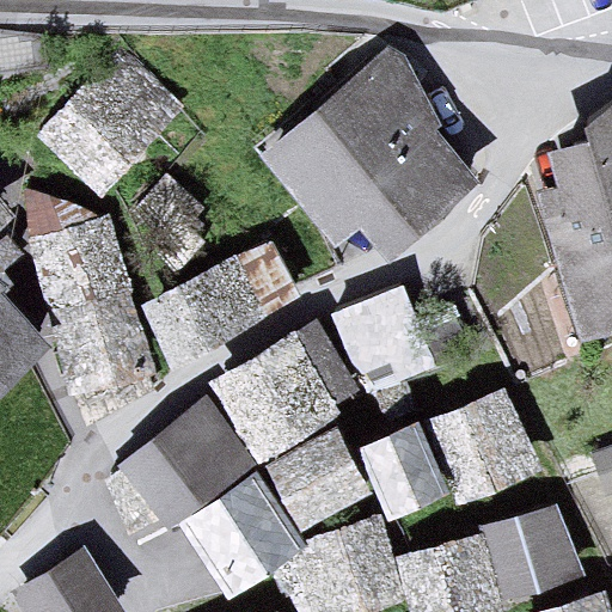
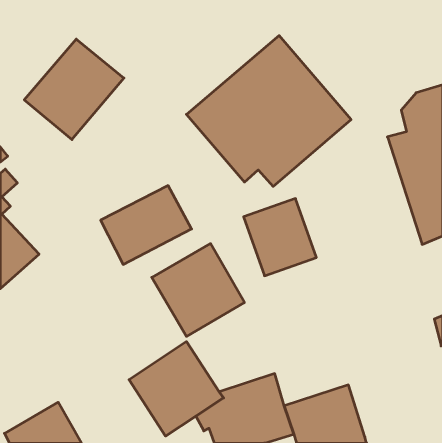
building: [26,214,157,397] -> none
building: [118,394,257,530] -> none
building: [424,397,540,514] -> none
building: [357,424,446,522] -> none
building: [267,433,371,533] -> none
building: [481,501,585,602] -> none

